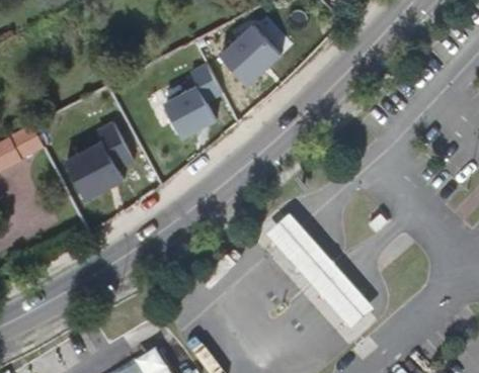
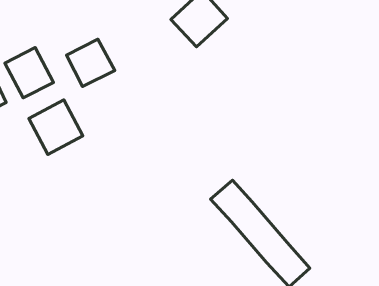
building: none -> [5,48,54,98]
building: [167,83,219,133] -> [67,39,115,87]

